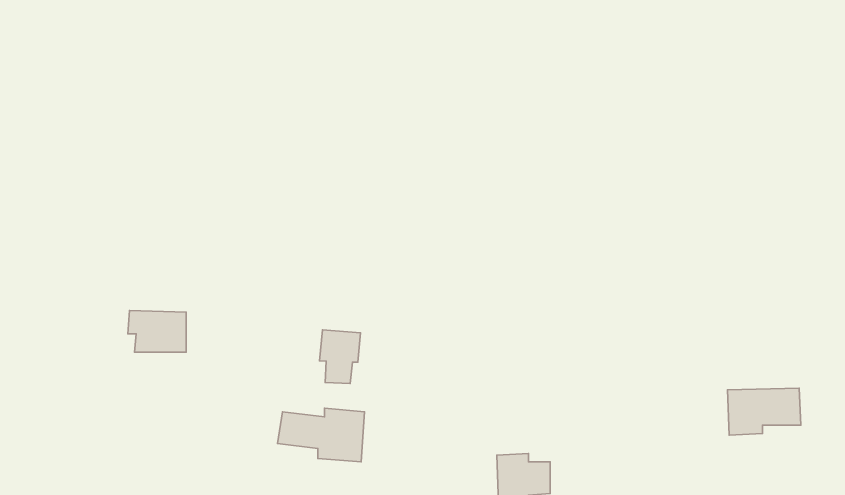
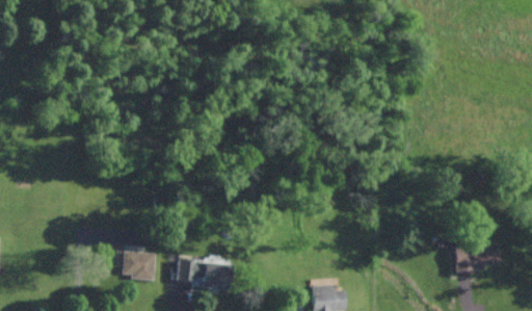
building: [128,311,186,352] -> [117,252,154,278]
building: [320,330,361,383] -> none

